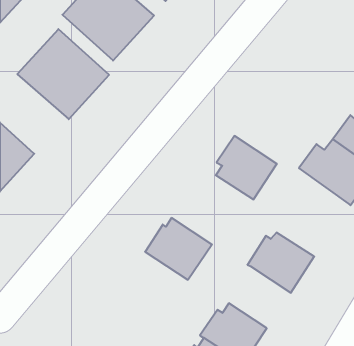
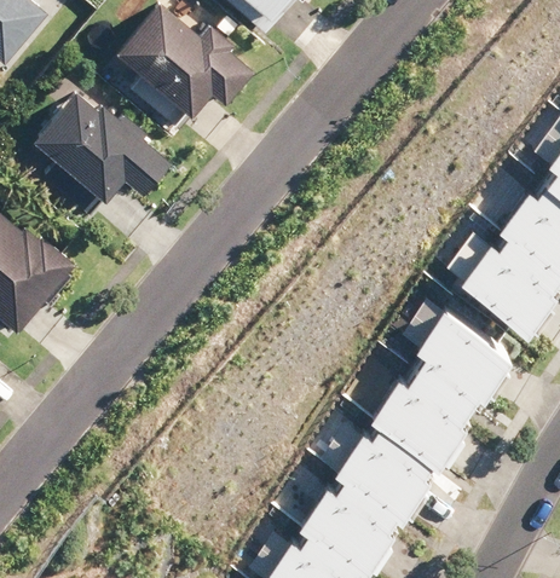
building: [216,136,277,199] -> [417,318,509,414]
building: [145,218,212,280] -> [339,428,439,521]

